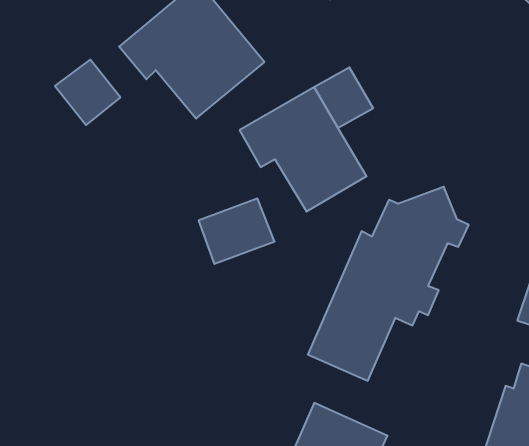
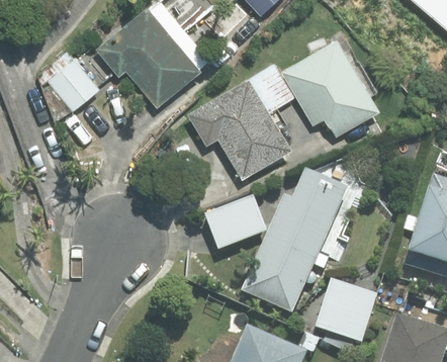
building: none -> [282,41,378,137]
building: [199,198,275,264] -> [206,196,265,247]
building: none -> [318,279,375,339]

